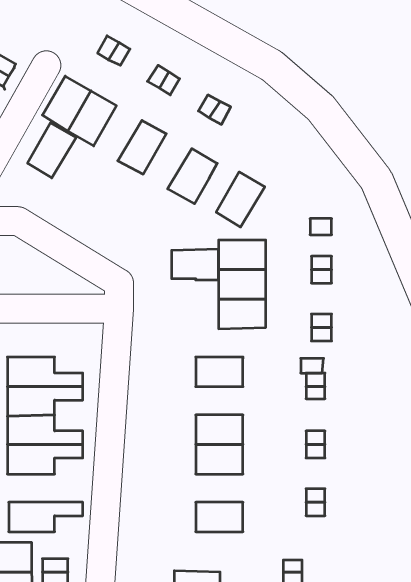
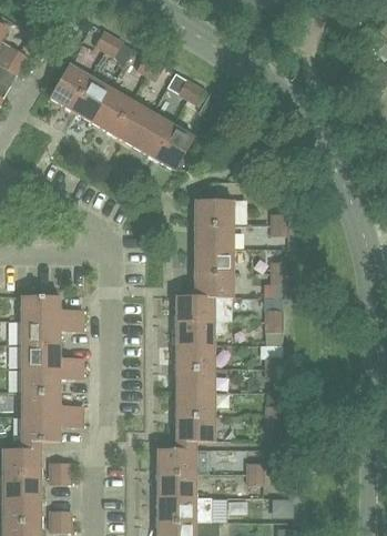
building: [28,123,76,178] -> [91,89,131,134]
building: [216,172,265,227] -> [132,112,172,158]
building: [172,249,219,280] -> [194,272,233,297]
building: none -> [175,321,226,344]
building: none -> [20,393,82,416]
building: none -> [175,393,214,416]
building: none -> [157,449,195,474]

